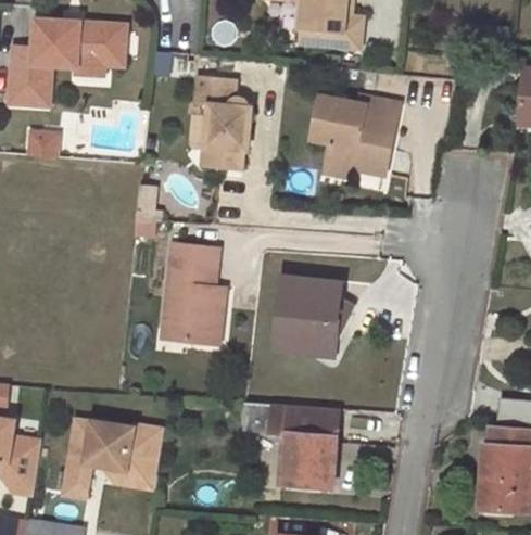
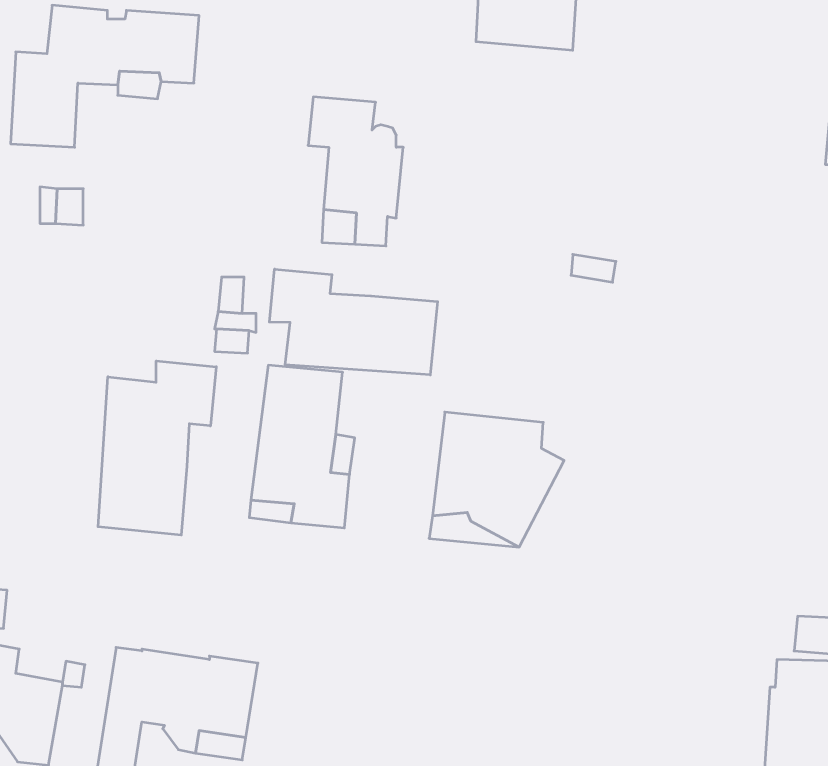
building: [312,92,400,175] -> none
building: none -> [269,269,438,375]
building: none -> [98,361,216,535]
building: [270,404,337,487] -> none

